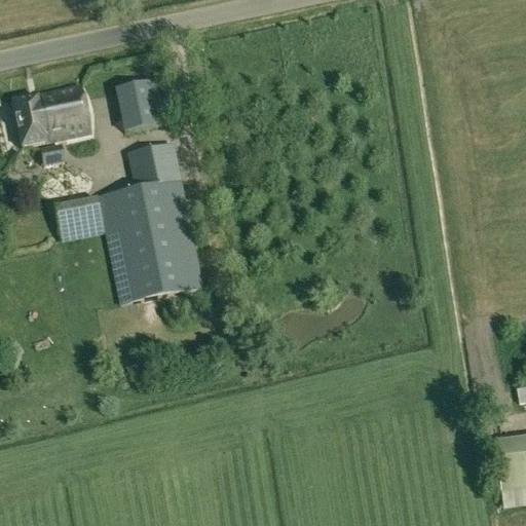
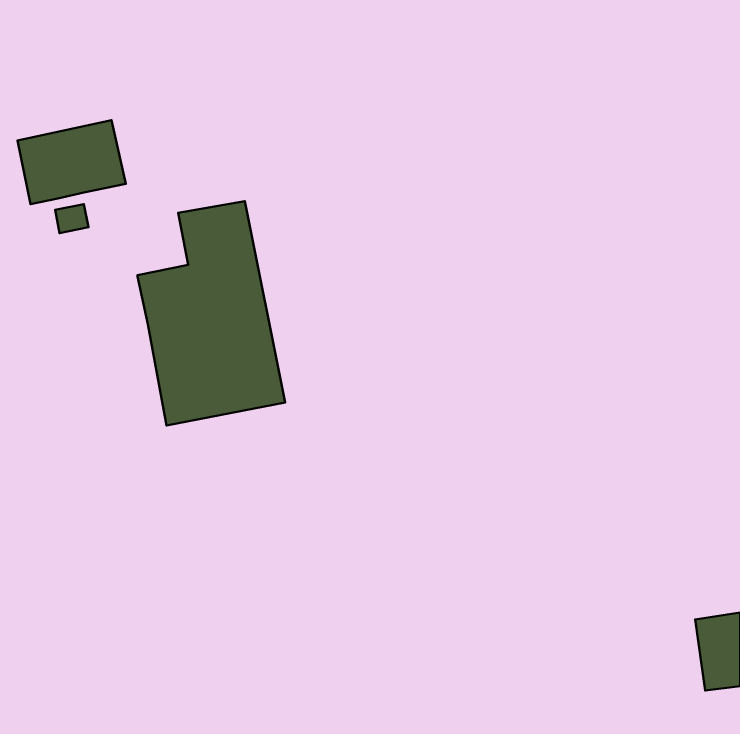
building: [115,78,174,132] -> none
building: [53,196,105,238] -> none

